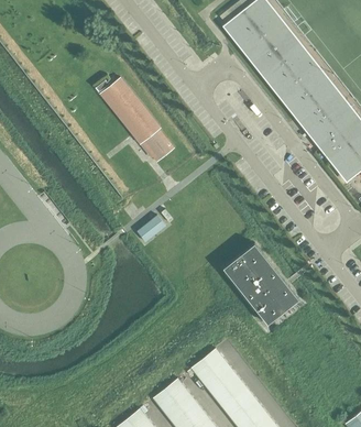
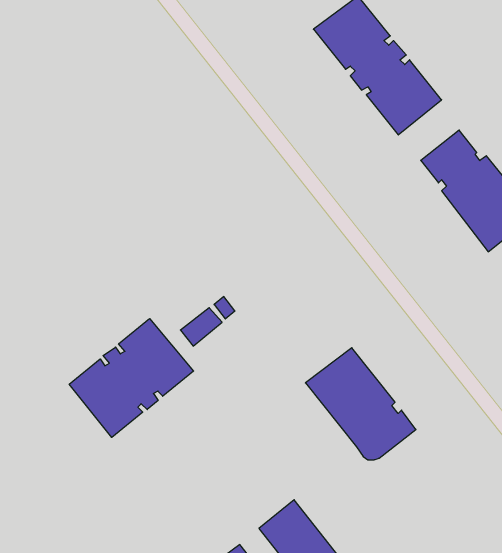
building: [99,78,173,162] -> none
building: [289,78,326,112] -> none
building: none -> [69,319,194,437]

